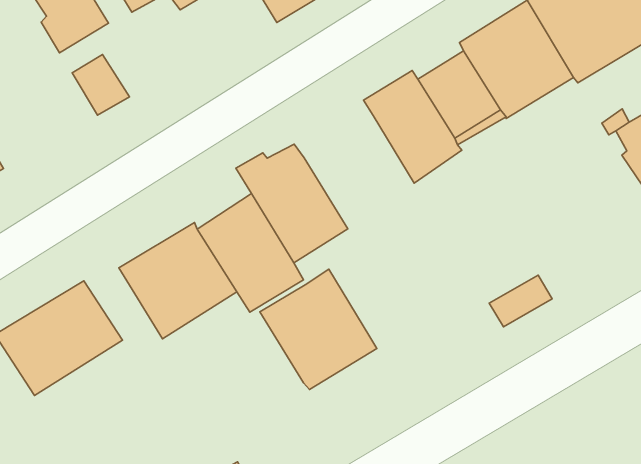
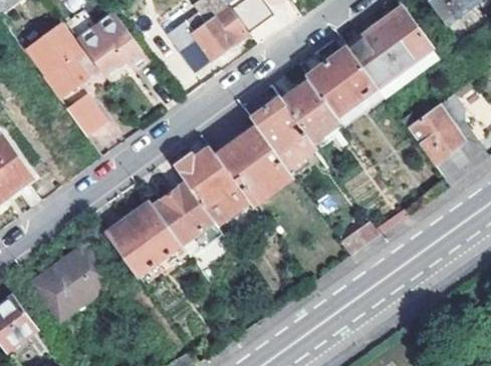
building: [260,269,377,390] -> [217,125,292,202]

